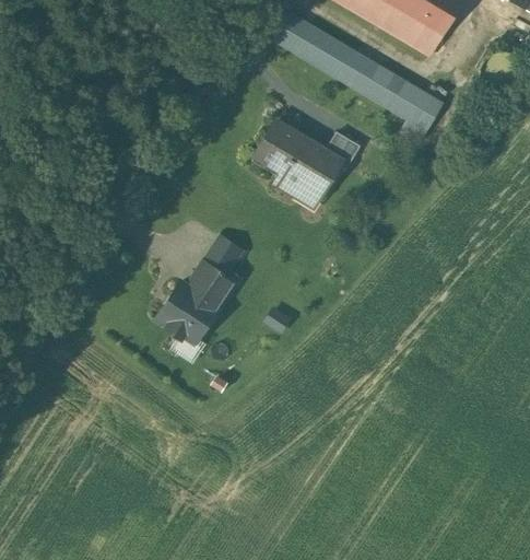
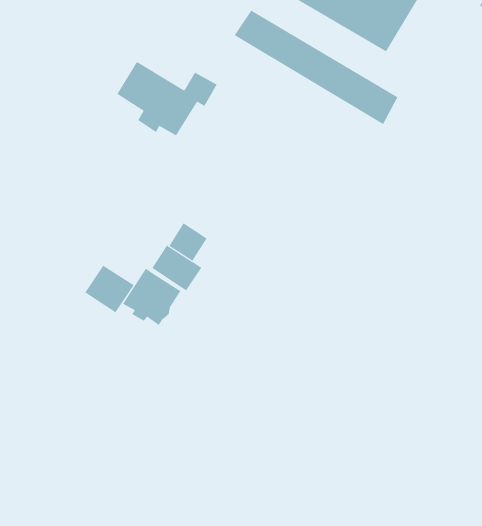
building: [254,120,358,198] -> [116,61,218,136]
building: none -> [84,265,134,313]

